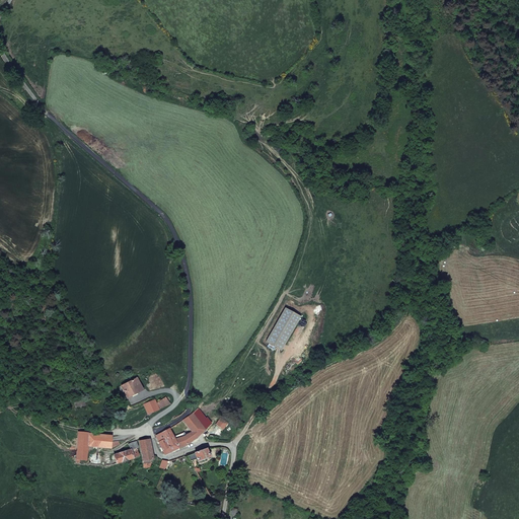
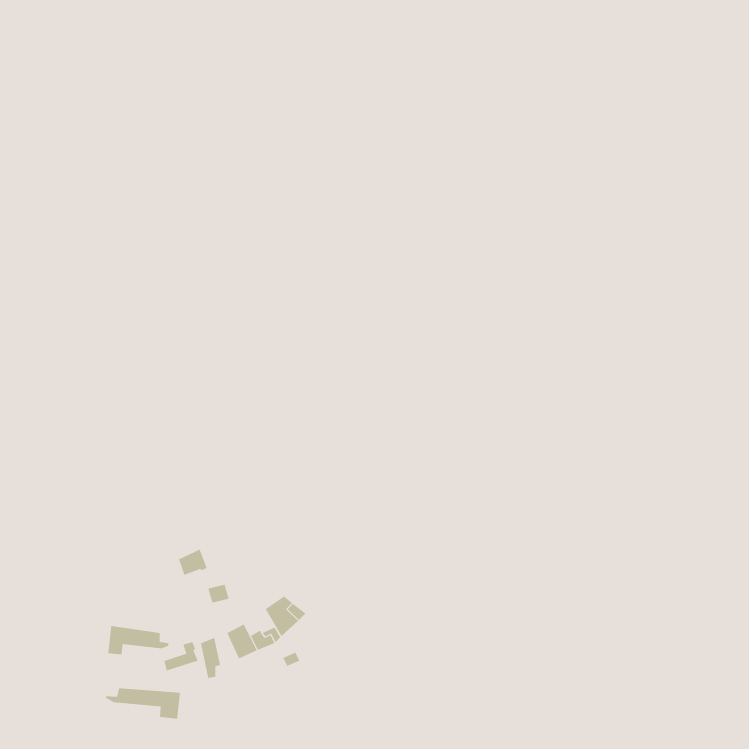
building: [268,307,301,350] -> none
building: none -> [105,688,180,719]

